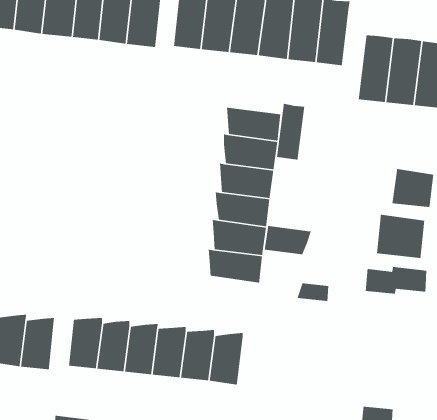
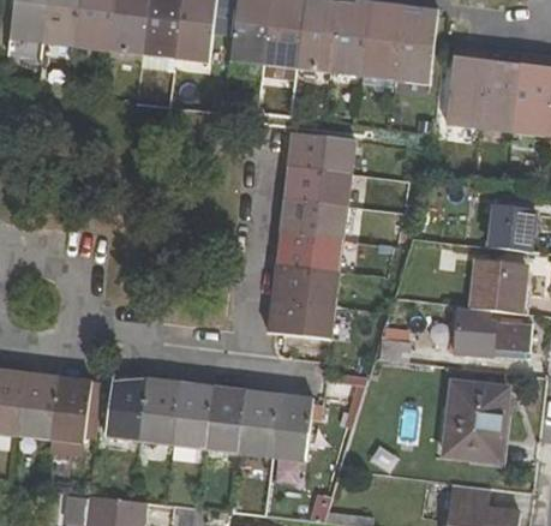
building: [276,103,305,161] -> none
building: [264,225,312,255] -> none
building: none -> [441,379,509,461]

